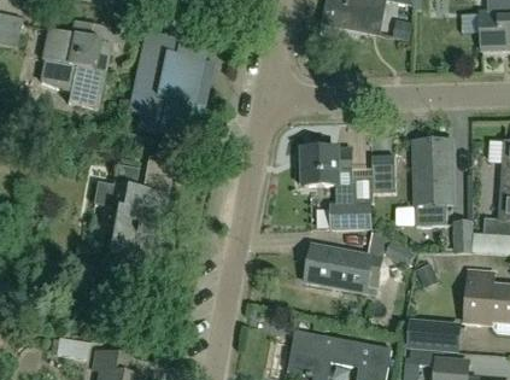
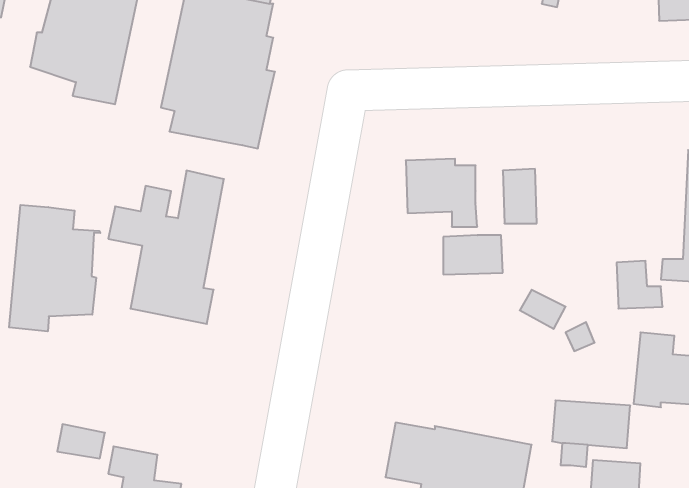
building: [414,139,452,223] -> none
building: none -> [9,205,100,331]
building: [305,244,383,292] -> none

